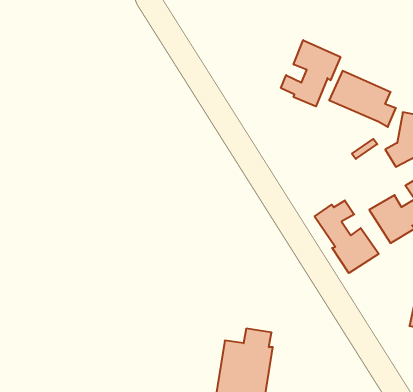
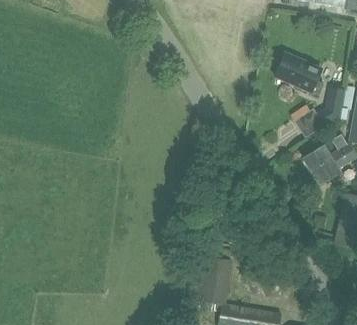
building: [281,40,340,106] -> none
building: [315,200,379,273] -> none

